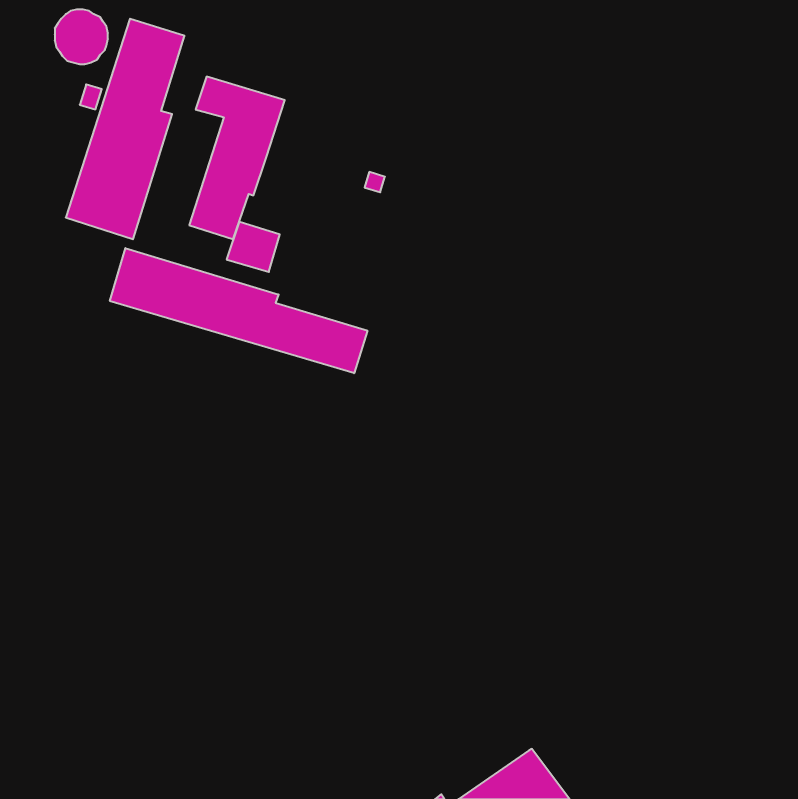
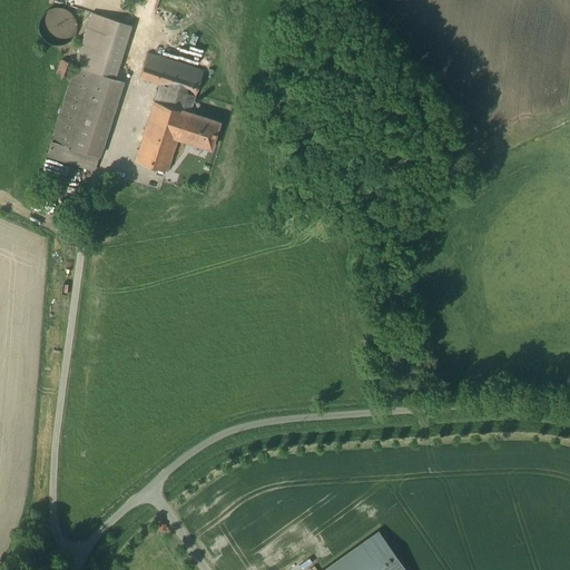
building: [227,222,280,272] -> [181,112,219,148]
building: [110,248,367,373] -> none

